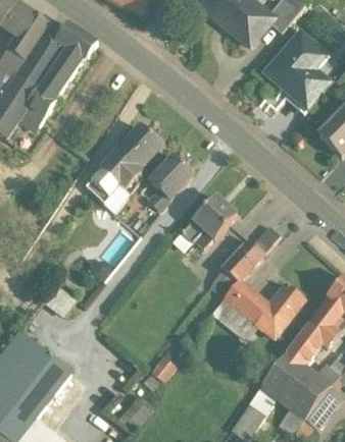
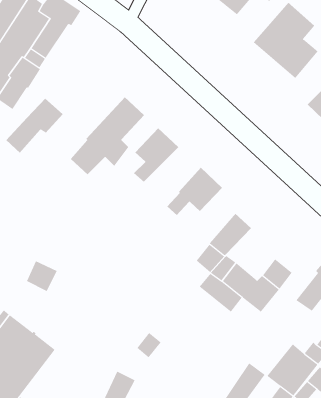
building: none -> [6,98,63,154]
building: [260,324,325,398] -> none

